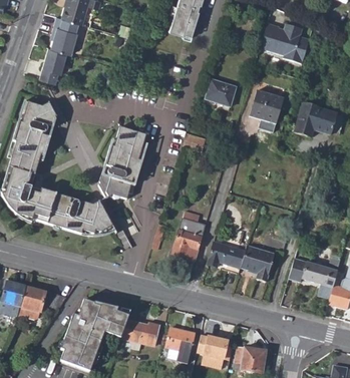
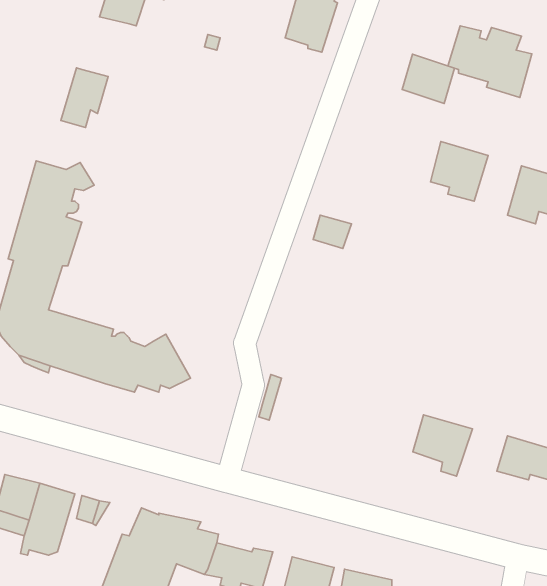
building: [51,16,78,53] -> none
building: [206,78,236,106] -> [402,54,455,103]
building: [98,125,147,199] -> none
building: [171,218,206,261] -> none
building: [208,234,248,273] -> none

